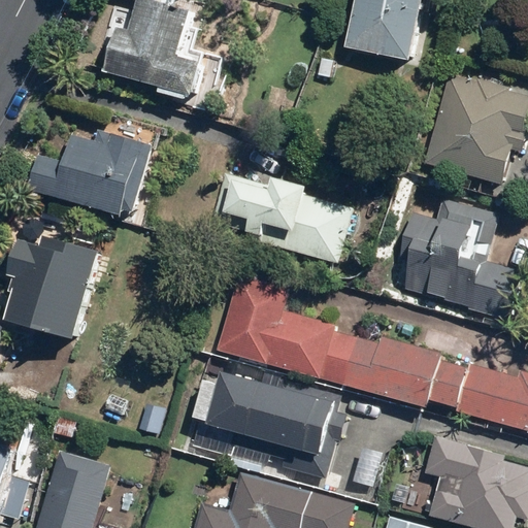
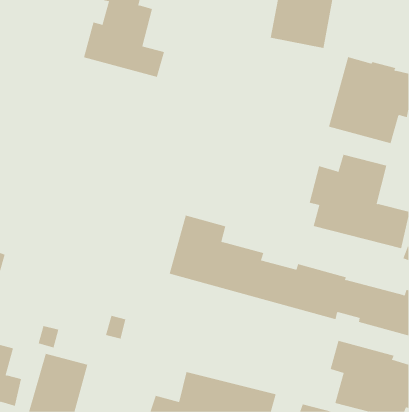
building: [30,131,158,218] -> none
building: [204,171,354,262] -> none
building: [7,236,104,341] -> none
building: [210,373,338,453] -> none

